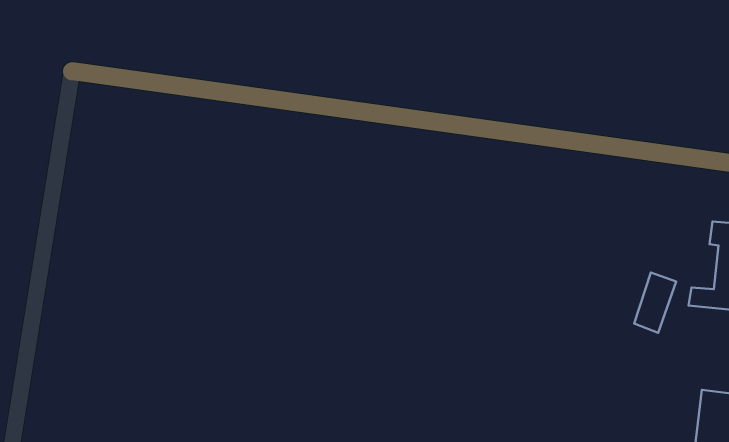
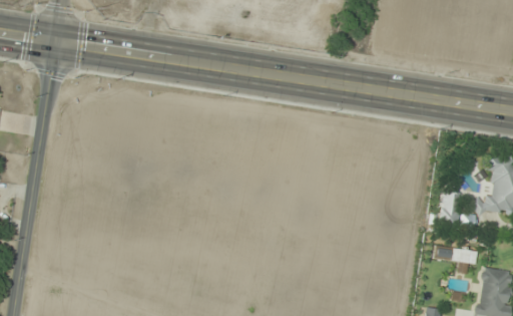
building: none -> [451,247,478,273]

